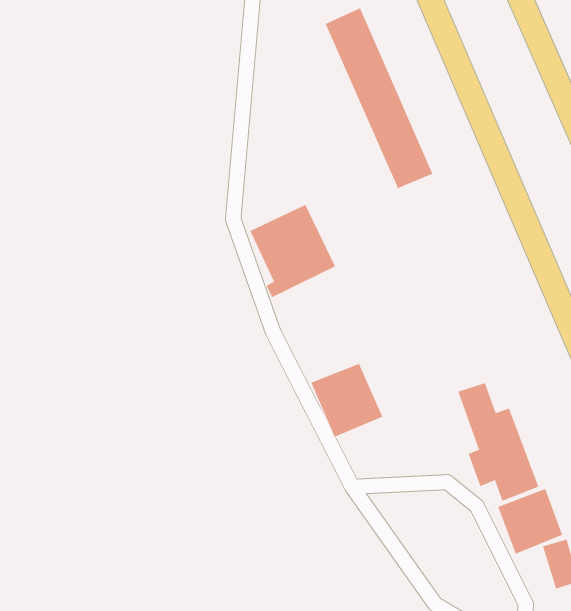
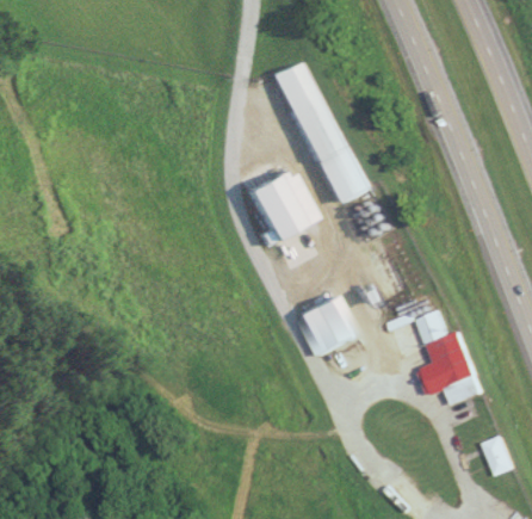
building: [325,7,433,189] -> [278,60,365,205]
building: [497,488,563,554] -> none

